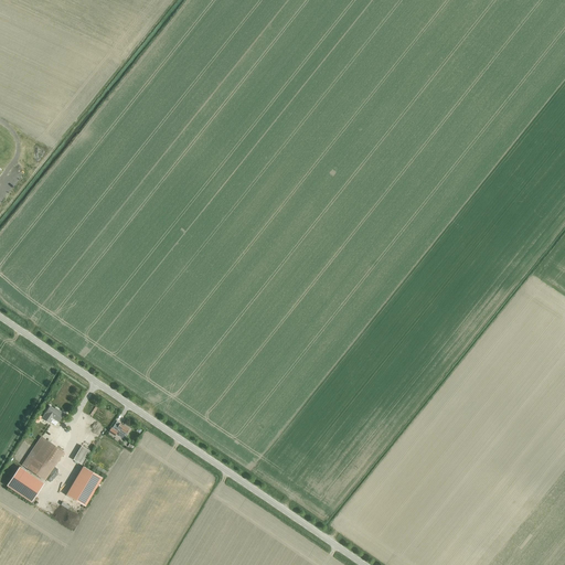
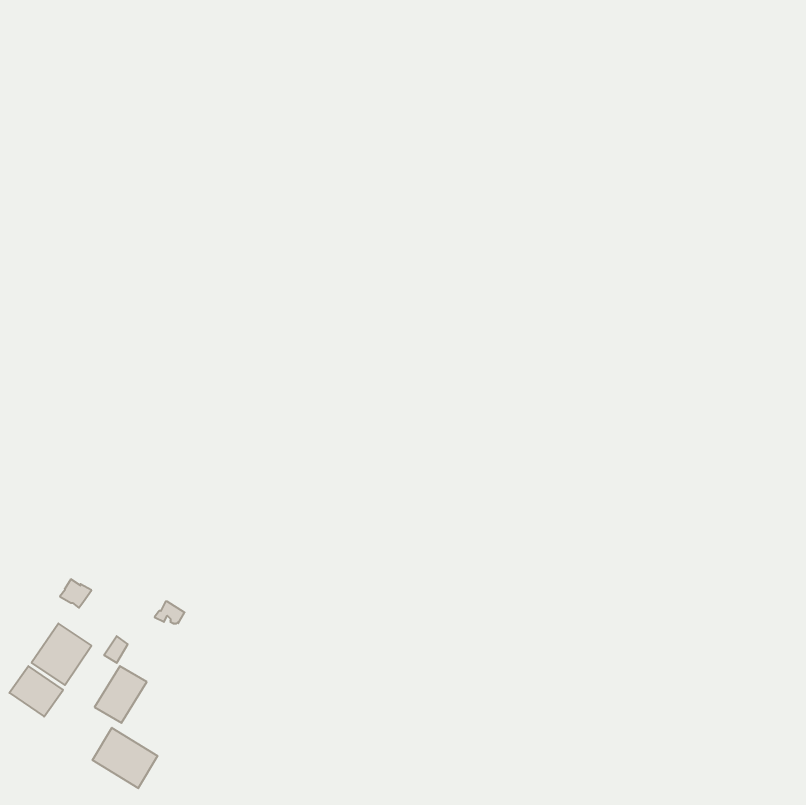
building: none -> [93,728,157,788]

